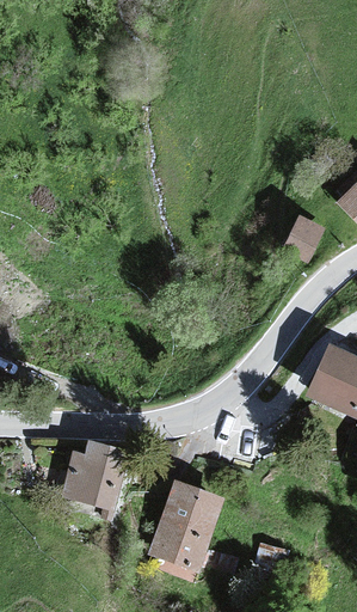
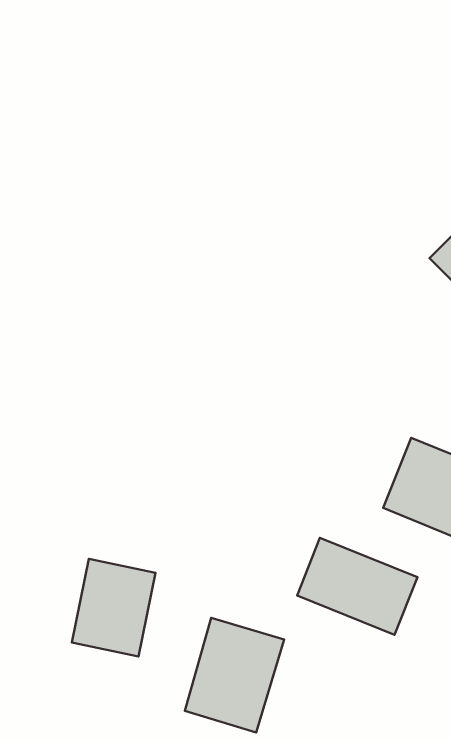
building: [281,216,328,263] -> none
building: none -> [297,538,417,635]

